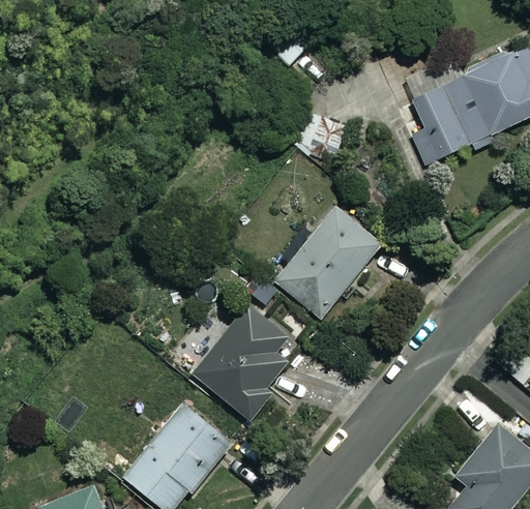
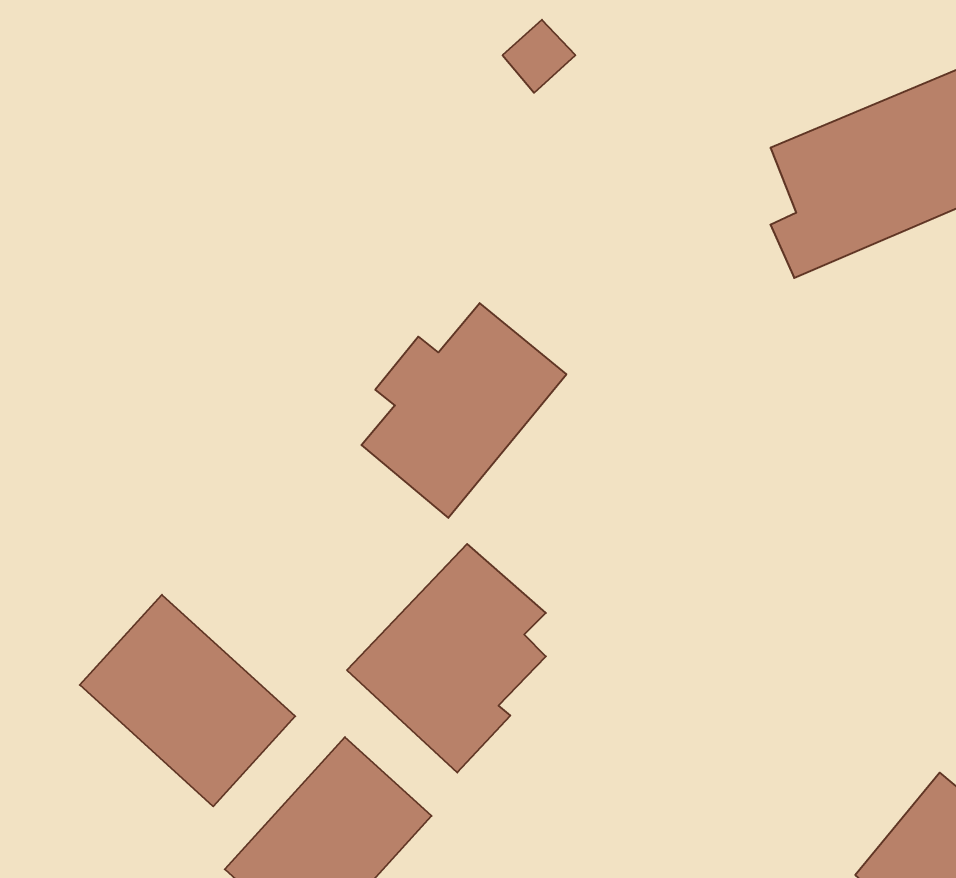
building: [275,206,383,319] -> [361,303,566,518]
building: none -> [80,595,295,806]

